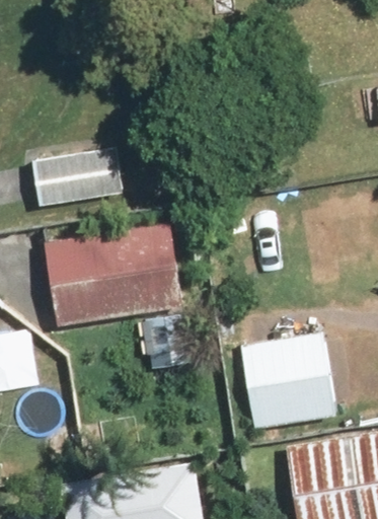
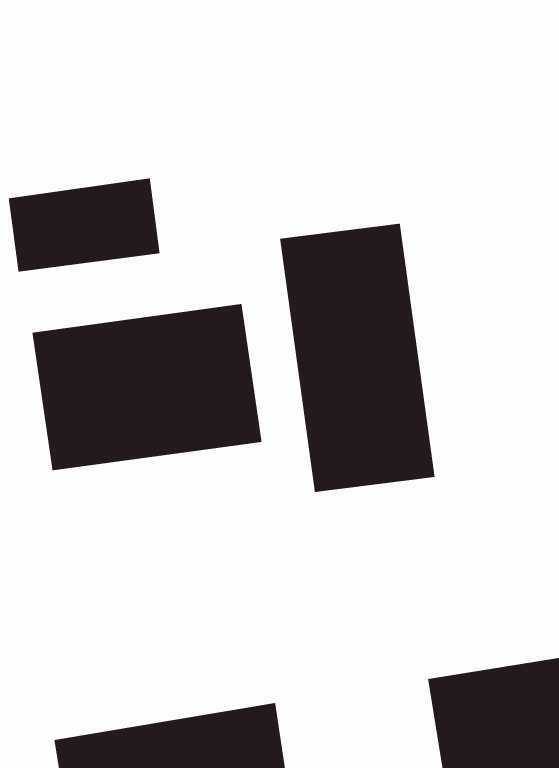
building: none -> [279,223,435,493]
building: [239,332,334,429] -> none

